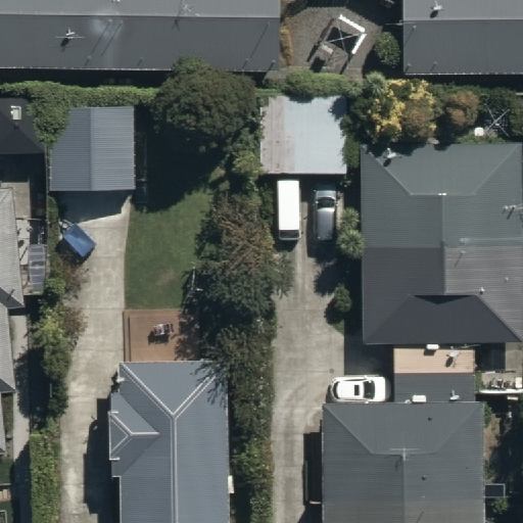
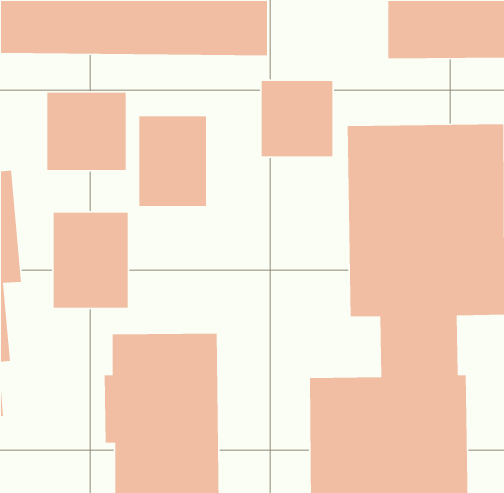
building: none -> [139,116,207,207]
building: none -> [53,212,128,309]

